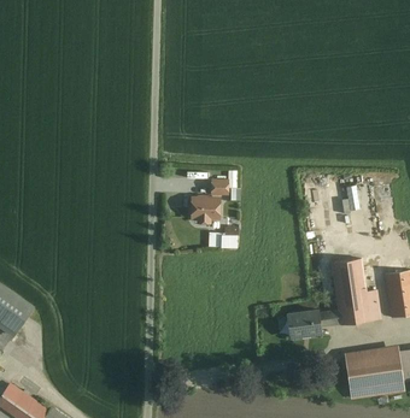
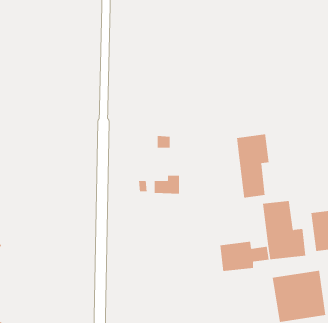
building: none -> [237,134,269,198]
building: [189,201,217,226] -> none

